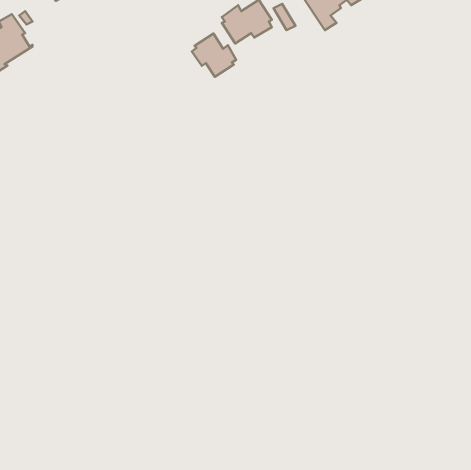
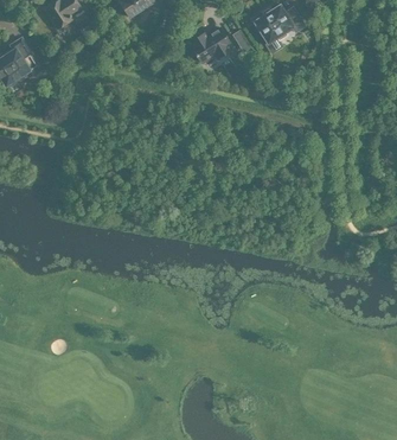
building: [192,34,236,77] -> none

